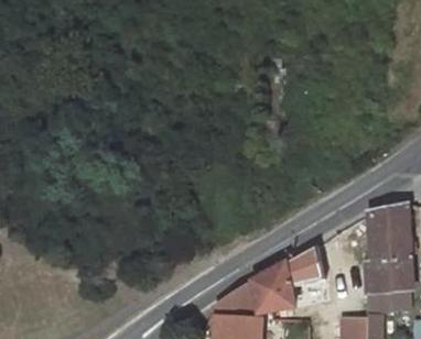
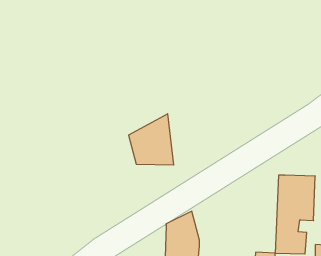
building: [373,201,413,232] -> none
building: [252,250,311,316] -> [129,114,174,165]

